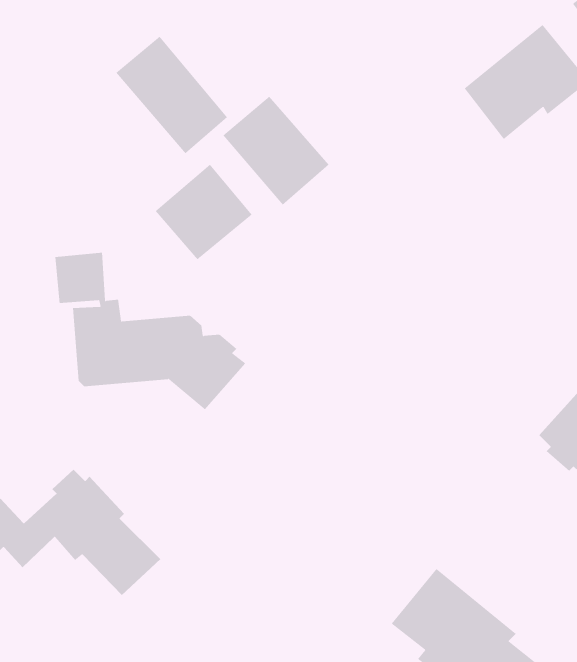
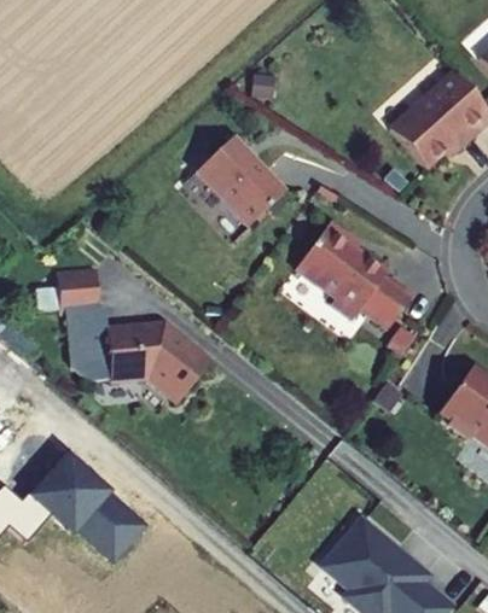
building: [115,36,228,154] -> none
building: [155,164,252,260] -> none
building: none -> [286,235,402,343]

